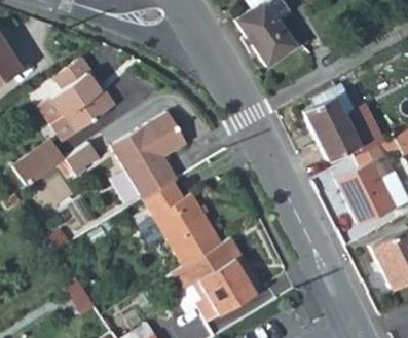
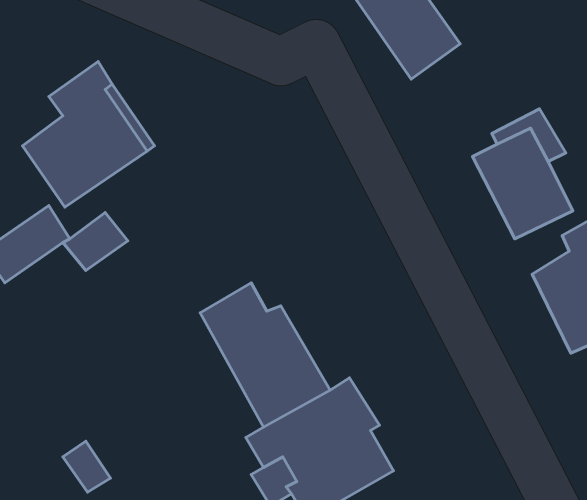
building: [111,115,185,202] -> none

